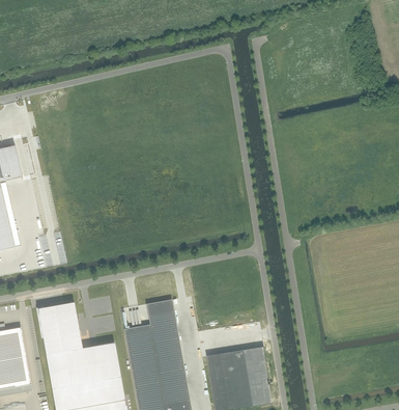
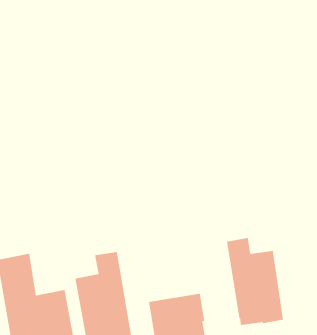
building: none -> [226,237,284,326]

